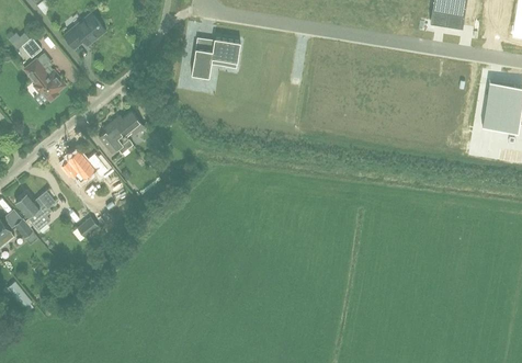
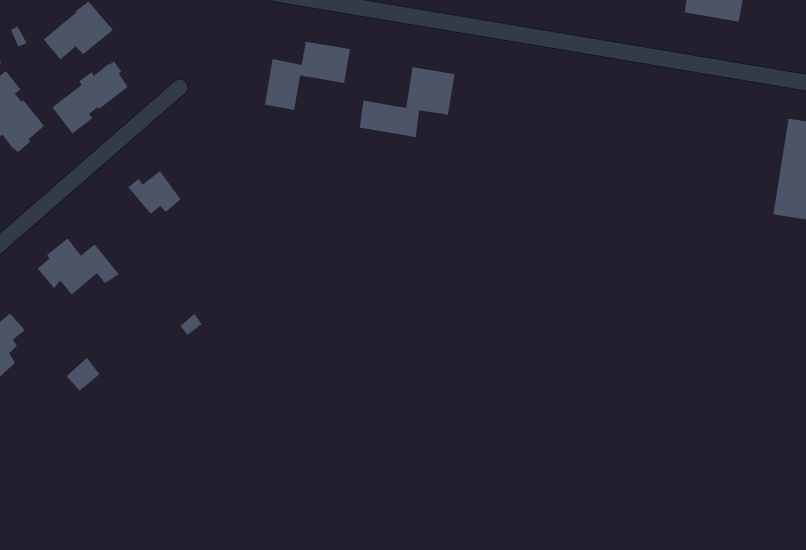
building: none -> [51,61,128,134]
building: none -> [359,66,455,138]
building: [99,121,132,154] -> none

